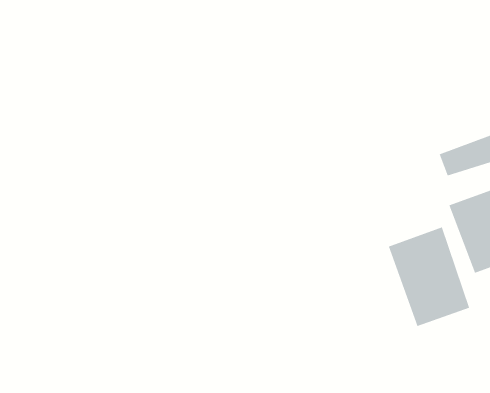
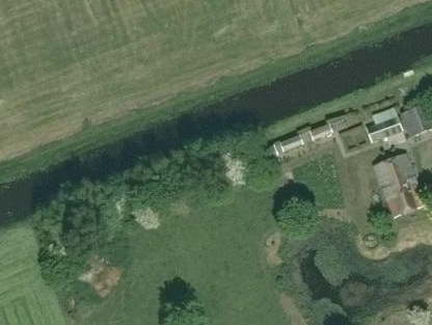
building: [388,226,470,327] -> none

